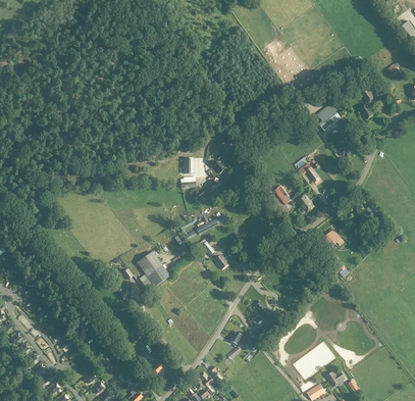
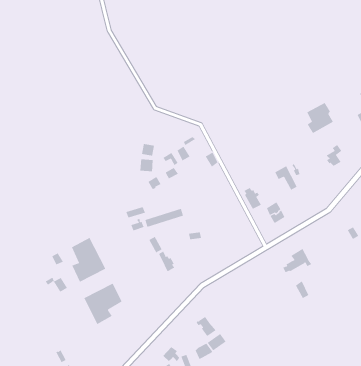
building: none -> [83,283,122,325]

